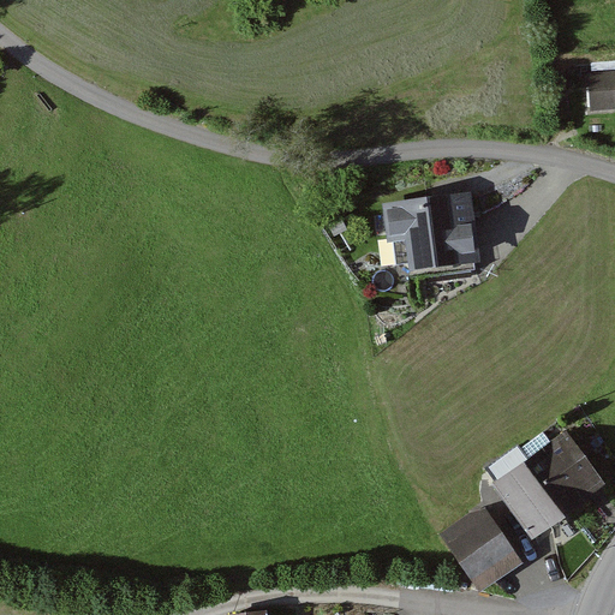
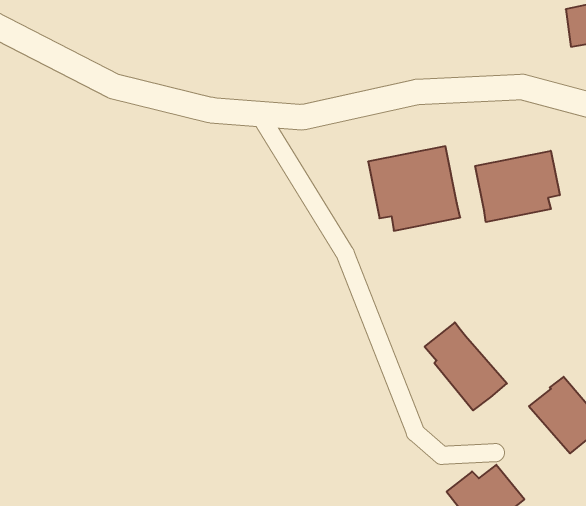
building: none -> [475,151,560,222]
building: [489,444,567,532] -> [425,322,507,410]

